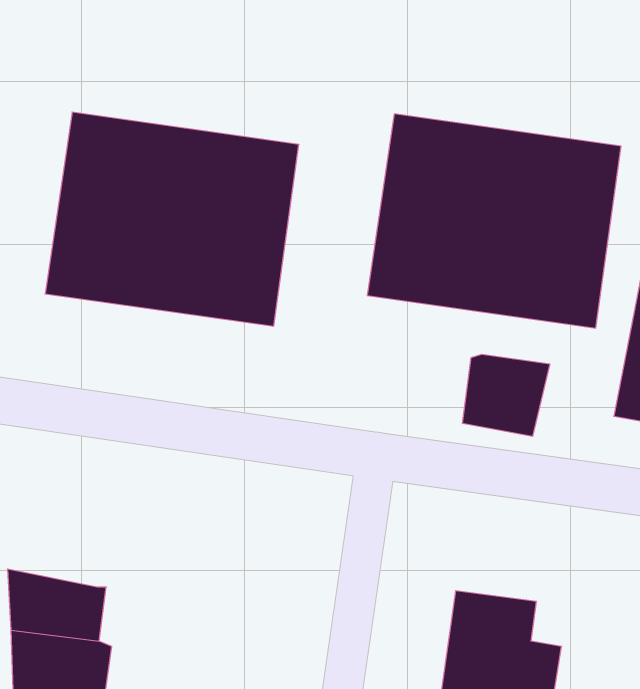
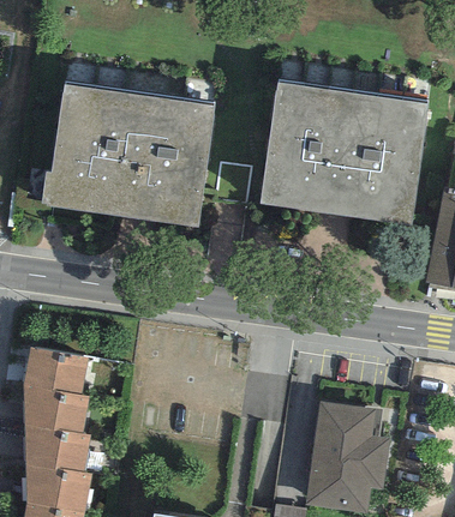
building: [462,354,550,436] -> none
building: none -> [20,348,88,397]

